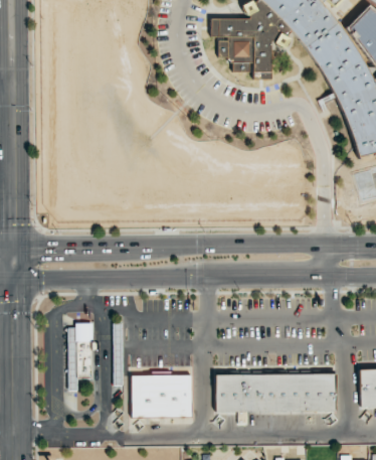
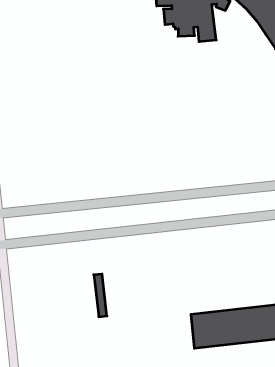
building: [67,324,93,392] -> none
building: [131,374,191,418] -> none

